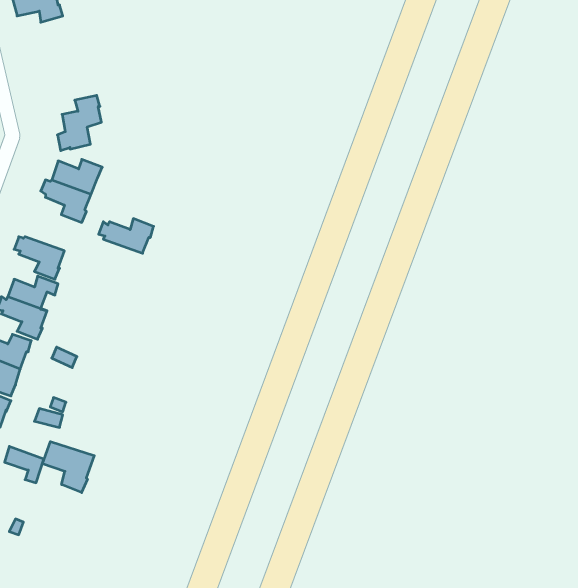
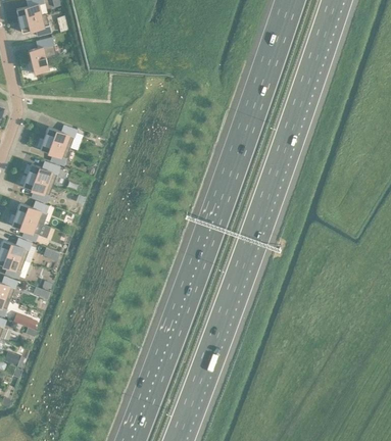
building: [57,95,101,151] -> [26,38,54,74]
building: [99,219,154,253] -> [22,162,58,185]
building: [42,442,94,493] -> none

